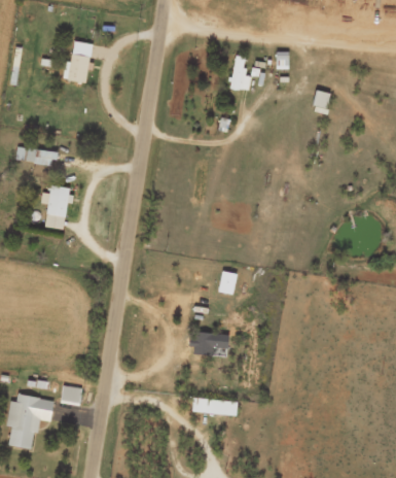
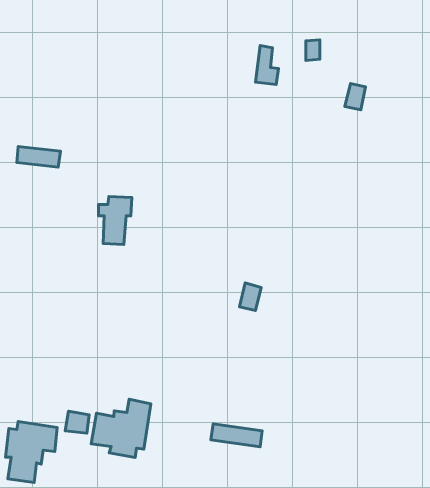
building: [64,41,94,82] -> none
building: [42,185,72,229] -> [99,196,132,245]
building: [194,332,228,355] -> none
building: none -> [91,399,151,457]

